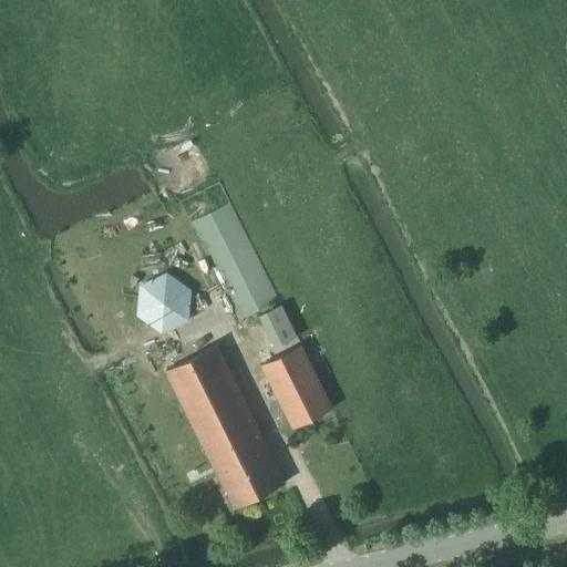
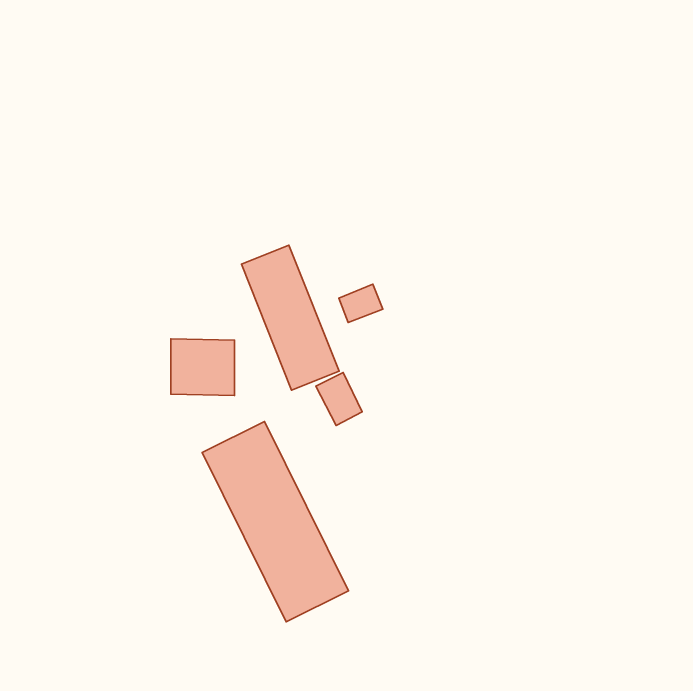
building: none -> [339,284,383,322]
building: [260,346,332,429] -> none

